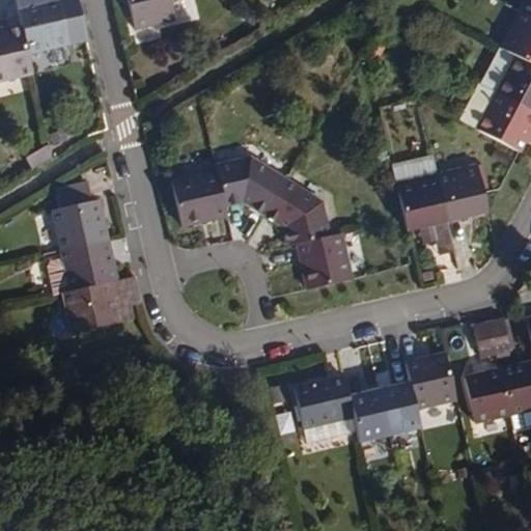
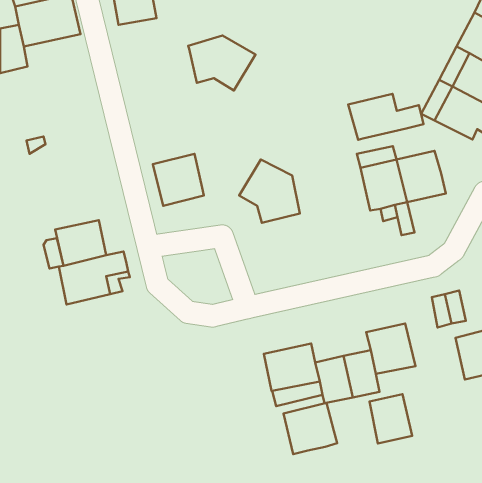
building: none -> [348,94,423,140]
building: [215,153,288,214] -> [188,35,256,91]
building: [54,181,111,251] -> none
building: [297,230,353,287] -> none
building: [465,369,511,423] -> [369,394,412,443]
building: none -> [283,403,337,454]

